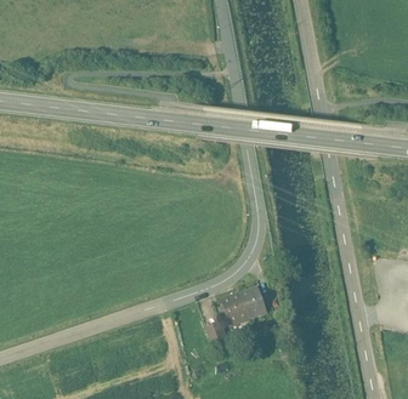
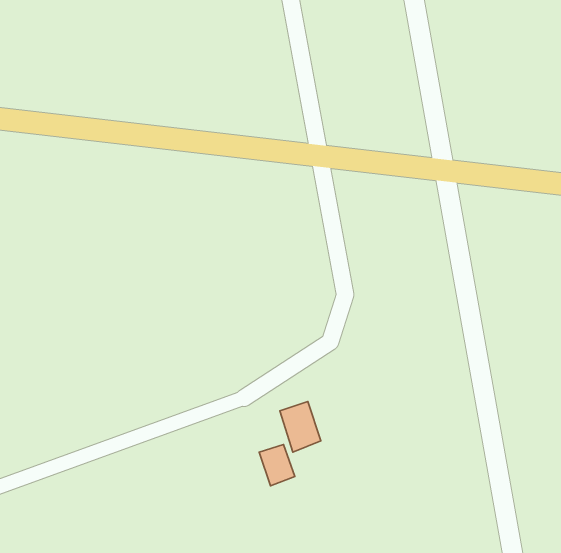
building: [238,284,266,315] -> none

